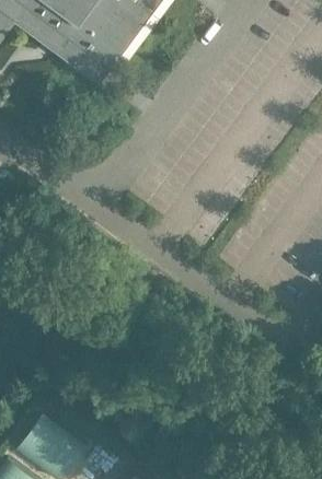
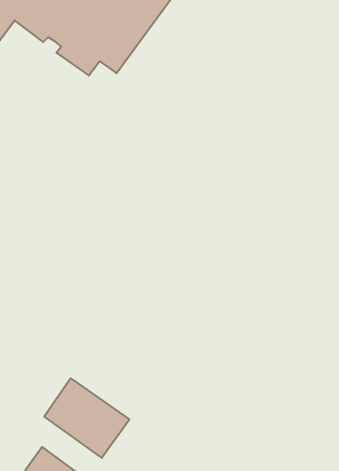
building: none -> [44,378,129,458]

